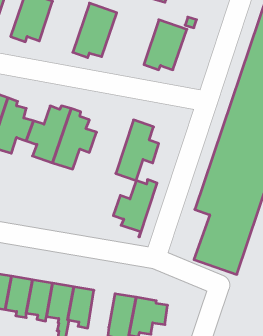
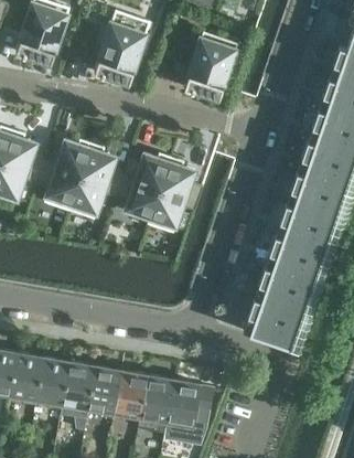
building: [113,180,157,237] -> [115,152,170,224]
building: none -> [112,371,147,420]

